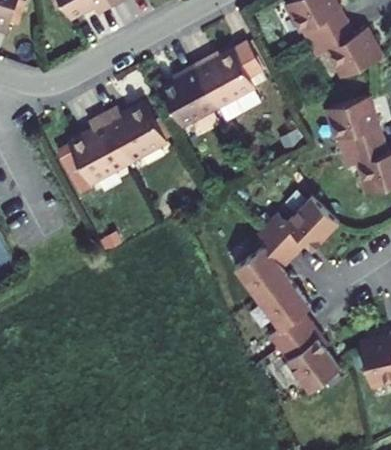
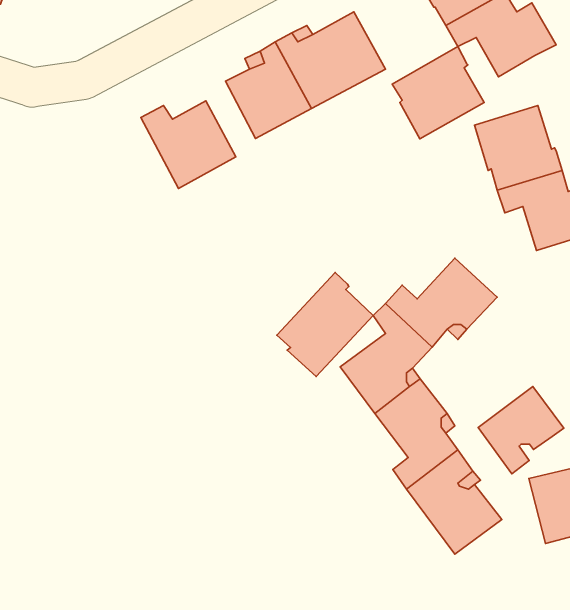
building: none -> [392,47,484,139]
building: [64,108,130,186] -> none
building: none -> [277,273,373,377]
building: none -> [478,386,564,474]

